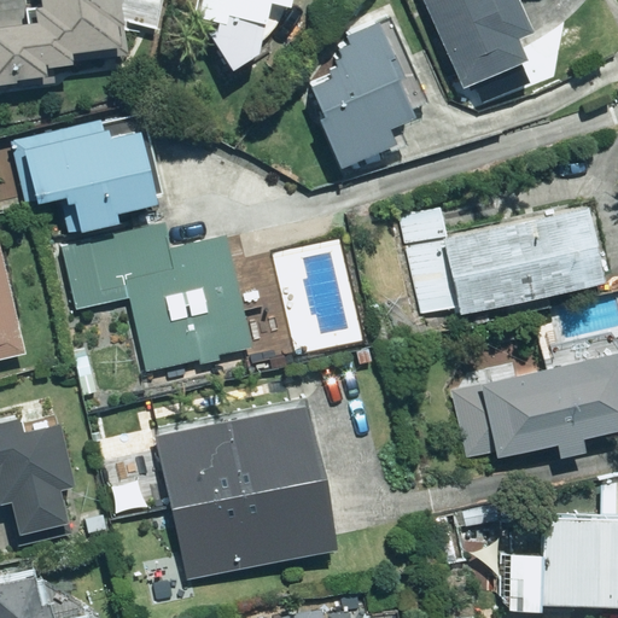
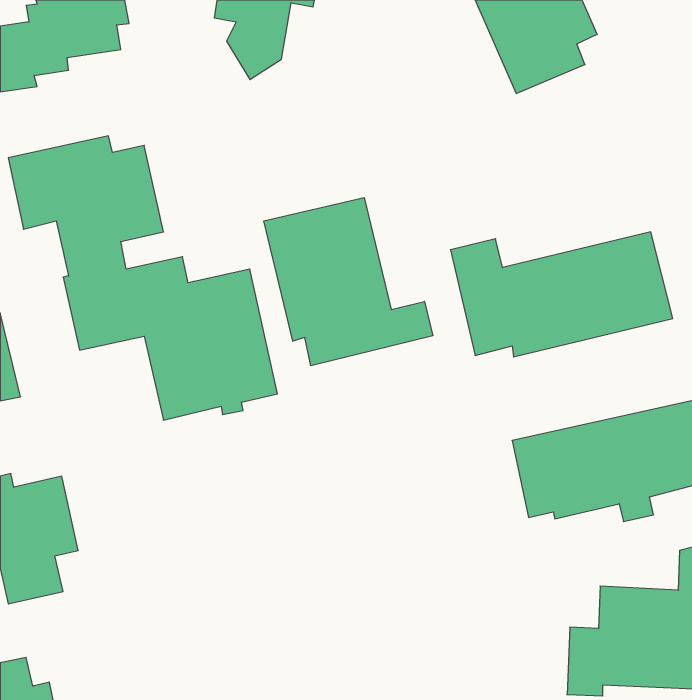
building: [293,16,431,168] -> none
building: none -> [264,198,433,366]
building: [115,400,332,582] -> none

